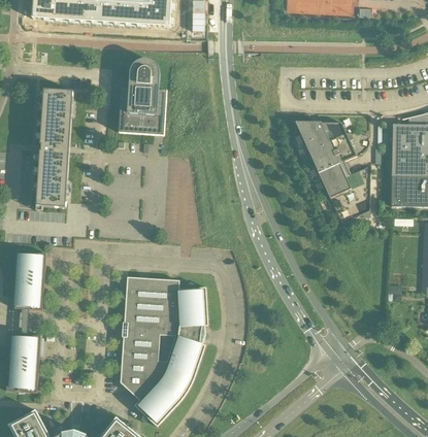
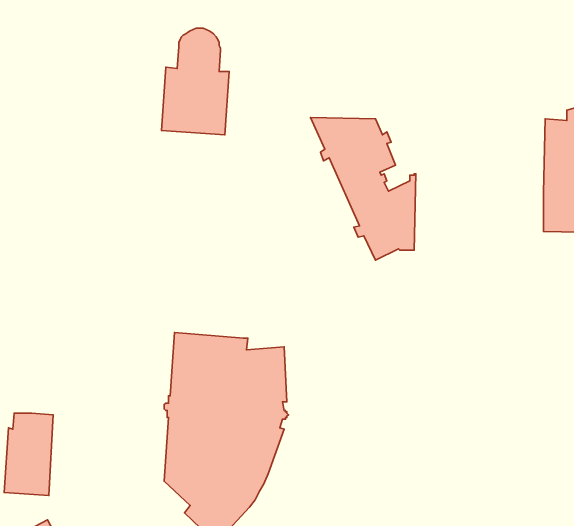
building: [37,90,73,208] -> none
building: [295,122,370,224] -> [310,117,416,260]
building: [11,251,45,334] -> none

